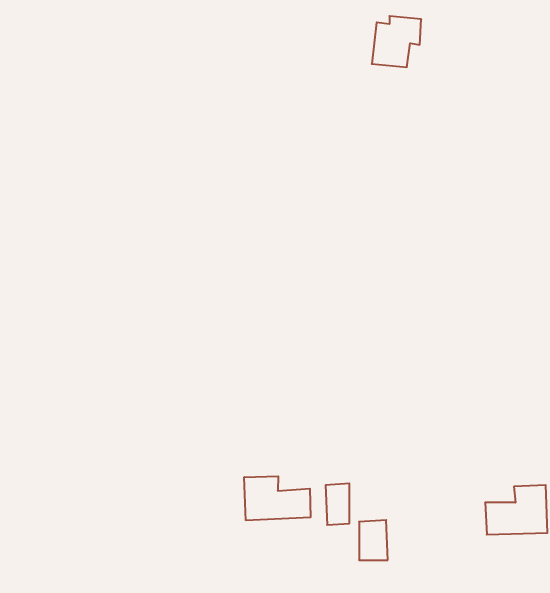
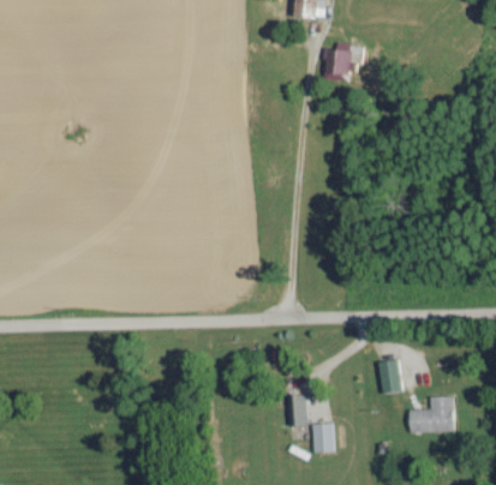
building: none -> [378,360,401,393]
building: [244,476,310,520] -> none

